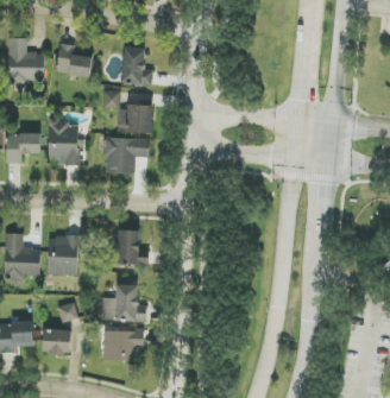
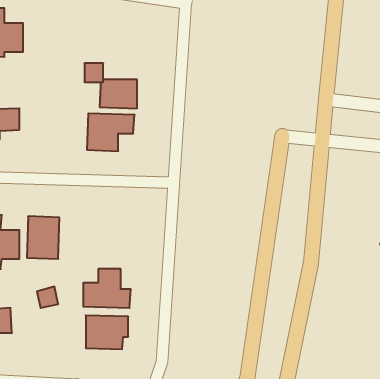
building: [57,44,92,75] -> none
building: [122,48,152,86] -> none
building: [48,119,80,164] -> none
building: [117,229,147,264] -> none
building: [43,329,71,354] -> none

